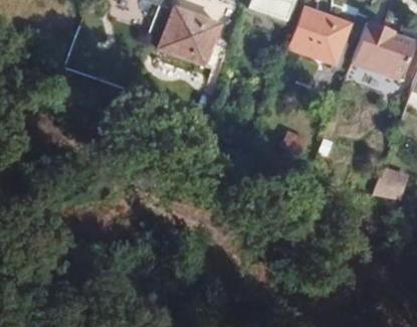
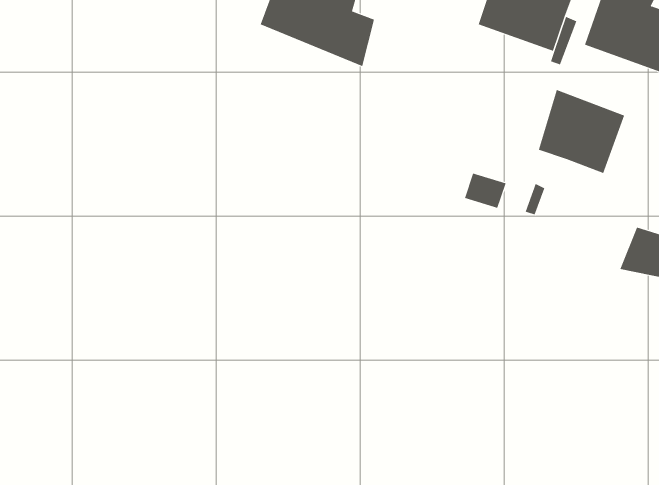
building: none -> [538,89,625,174]

